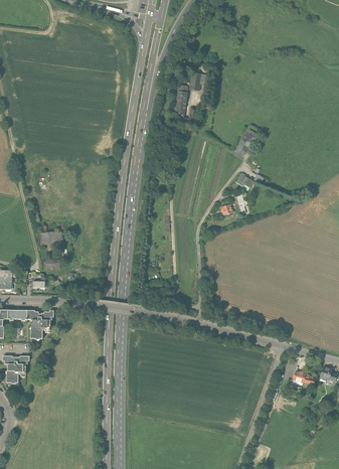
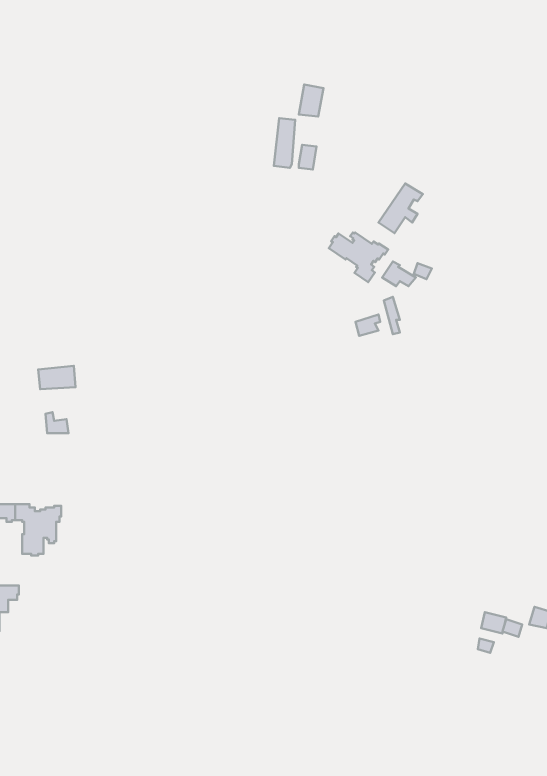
building: none -> [329,232,388,282]

